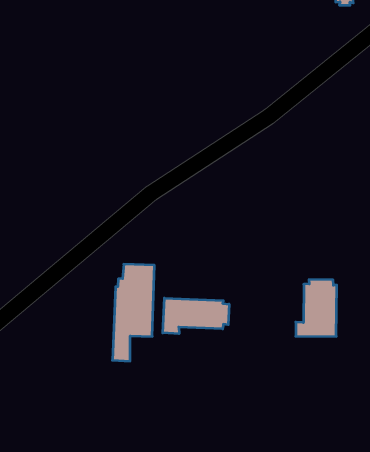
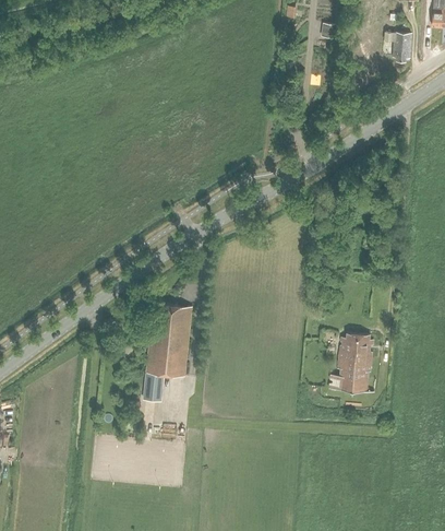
building: [163,298,229,334] -> none

